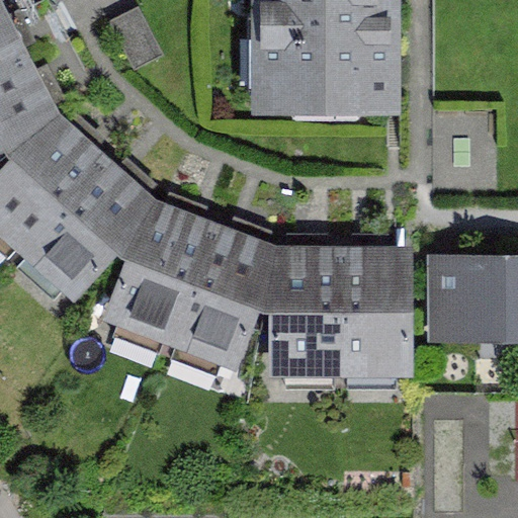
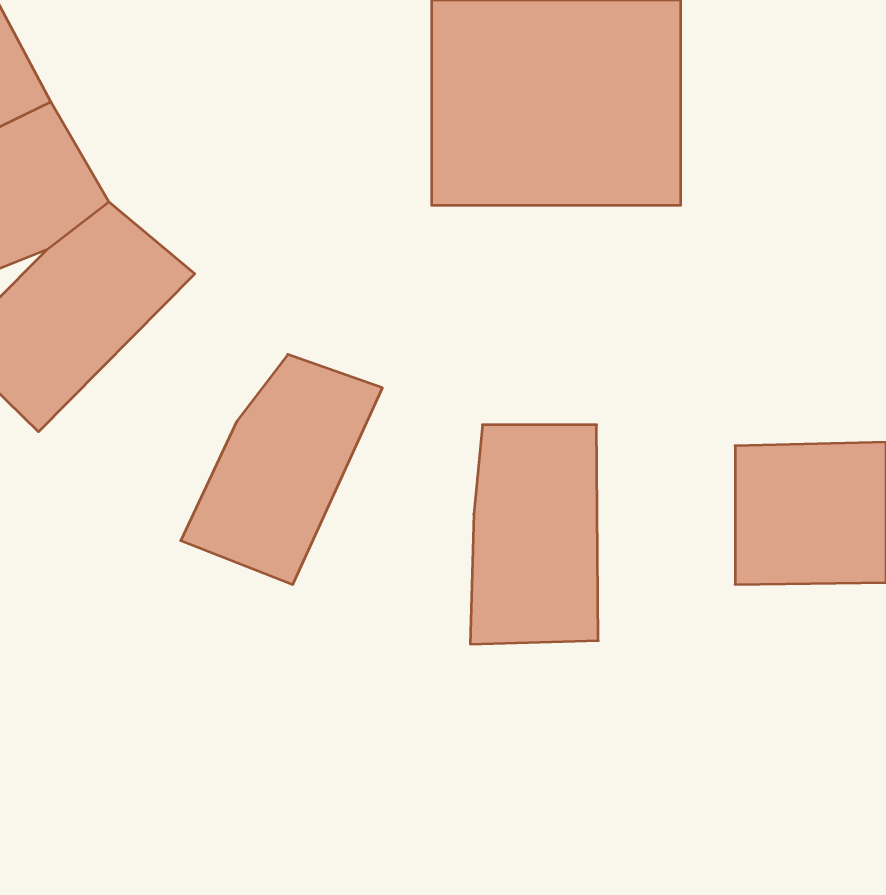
building: [22,159,166,299] -> none
building: [169,225,278,368] -> none
building: [344,245,417,370] -> none

